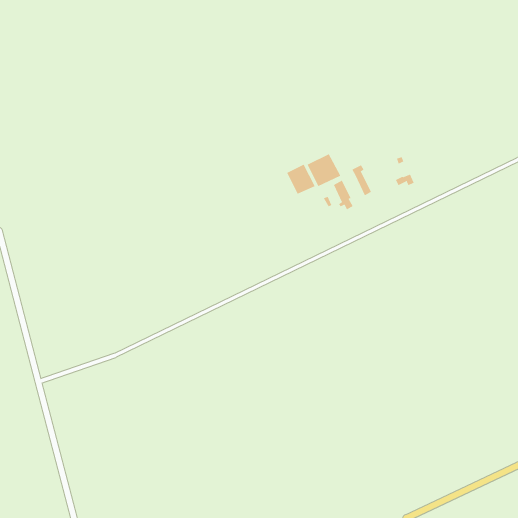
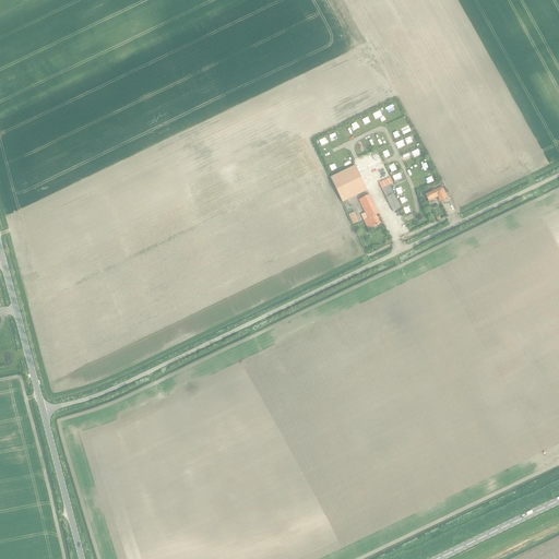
building: [287,164,315,194] -> none

